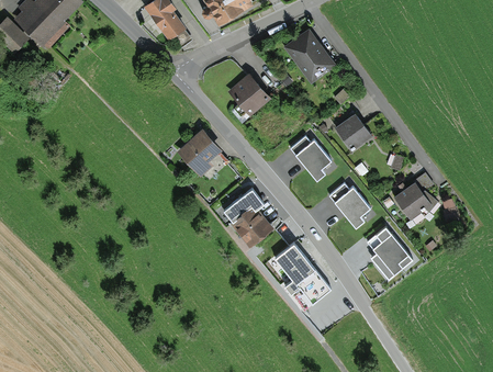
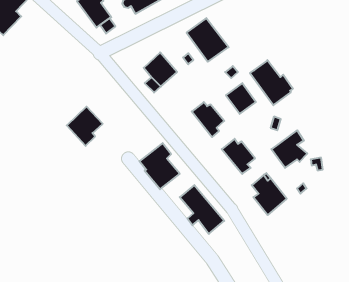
building: none -> [250,60,293,105]
building: [177,127,223,178] -> [67,107,103,146]

